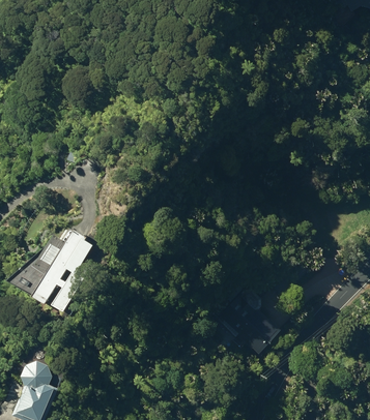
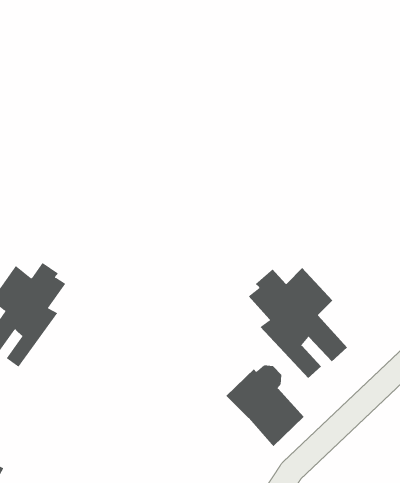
building: none -> [248,267,348,379]

